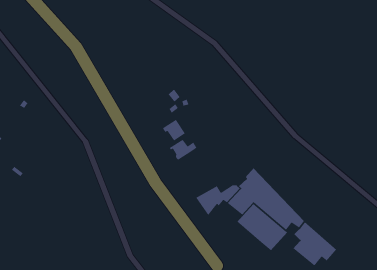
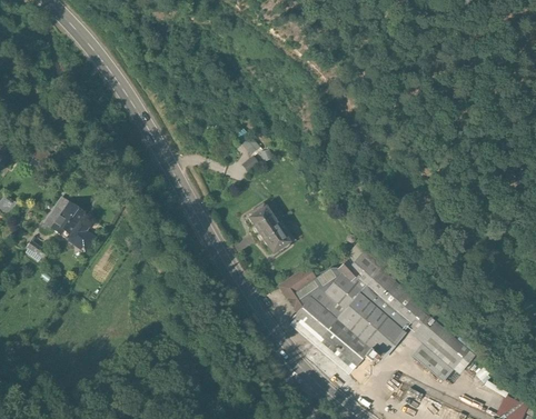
building: [162,119,186,142] -> [257,222,289,253]
building: none -> [42,199,93,250]
building: none -> [292,289,370,368]

